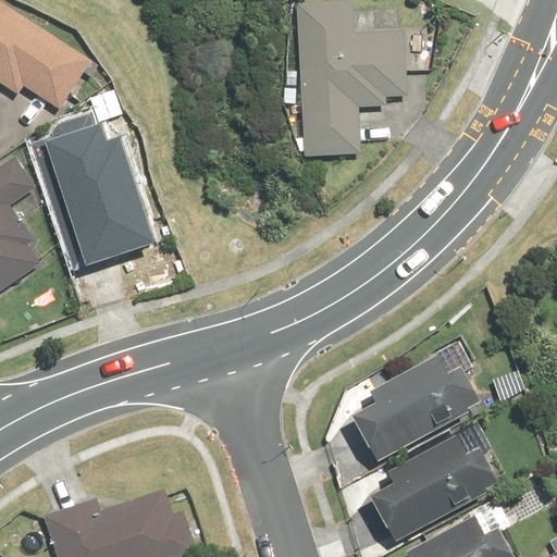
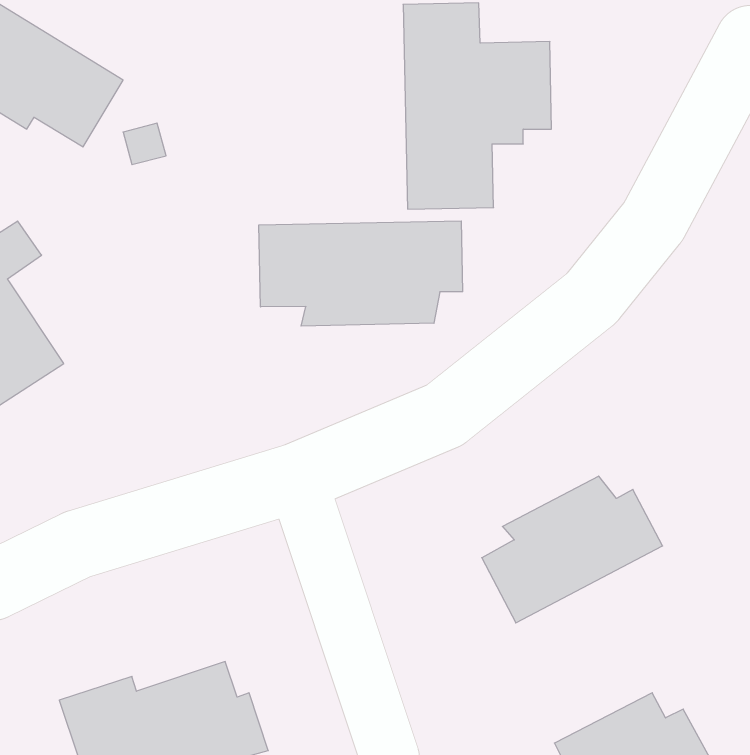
building: [32,113,153,270] -> none
building: none -> [259,221,463,326]
building: [374,431,502,537] -> none

